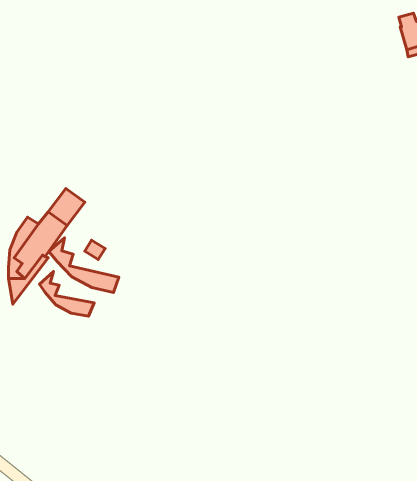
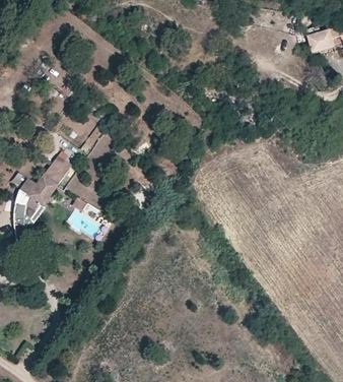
building: [49,238,119,292] -> none
building: [40,272,94,316] -> none

